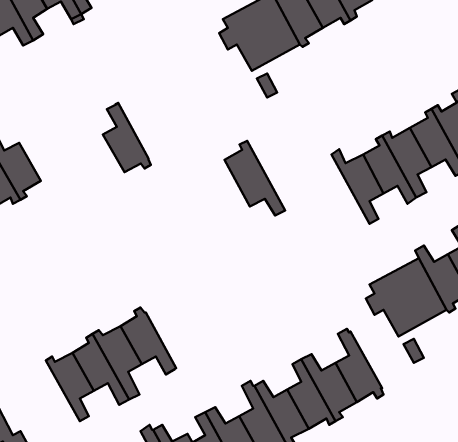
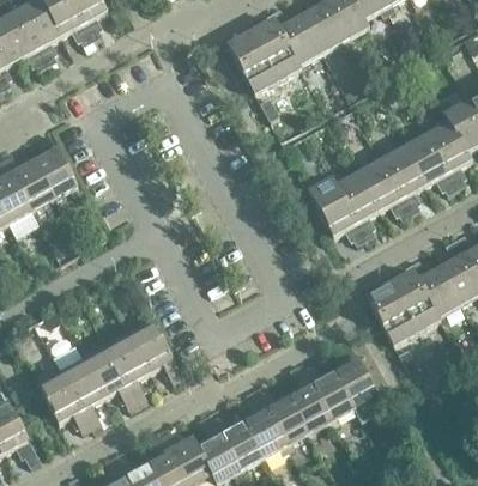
building: [103,103,151,172] -> [34,132,79,198]
building: [224,141,285,215] -> [308,172,365,243]
building: none -> [37,367,91,431]

